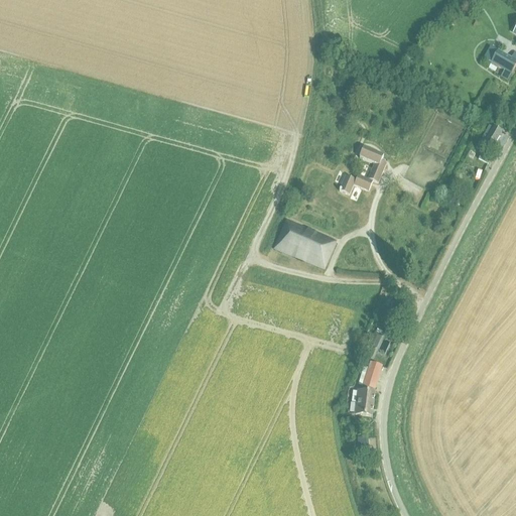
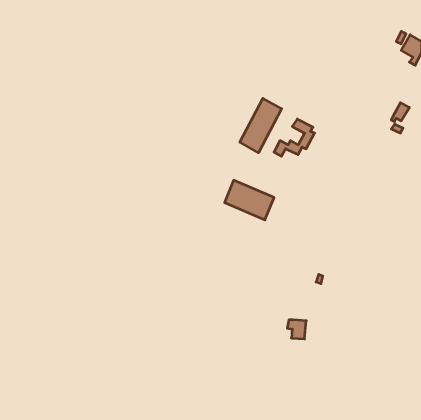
building: none -> [240,98,282,153]
building: [358,359,383,388] -> none

